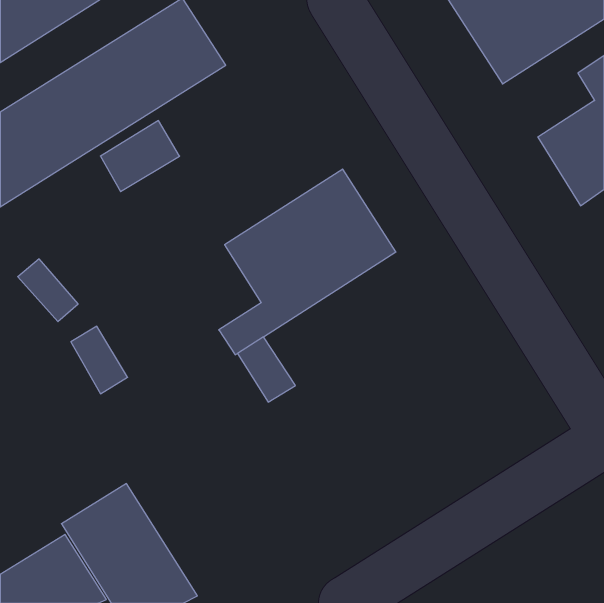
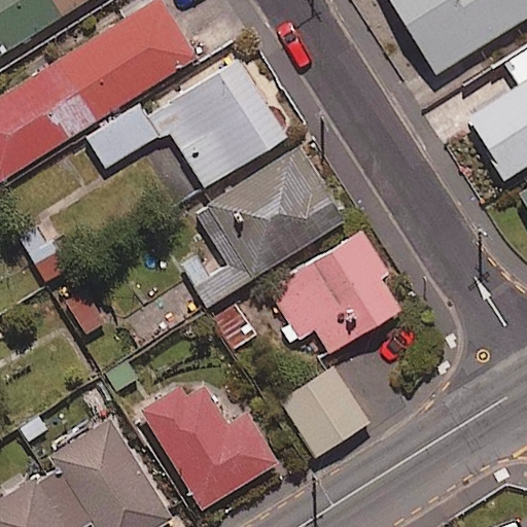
building: none -> [157,60,285,187]
building: none -> [268,232,398,354]
building: none -> [279,365,370,457]
building: none -> [140,382,278,511]

